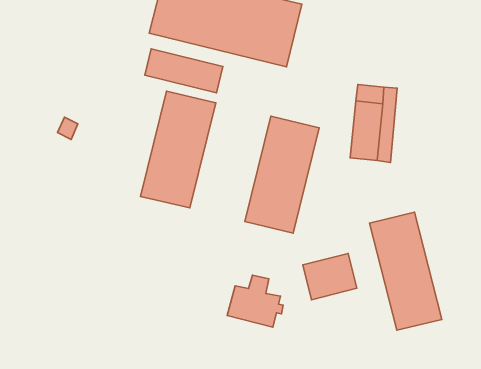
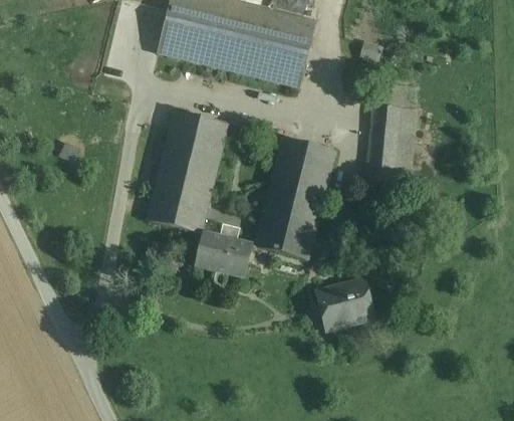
building: [145,49,223,93] -> none
building: [370,212,442,330] -> none
building: [227,275,283,327] -> [197,222,255,276]

